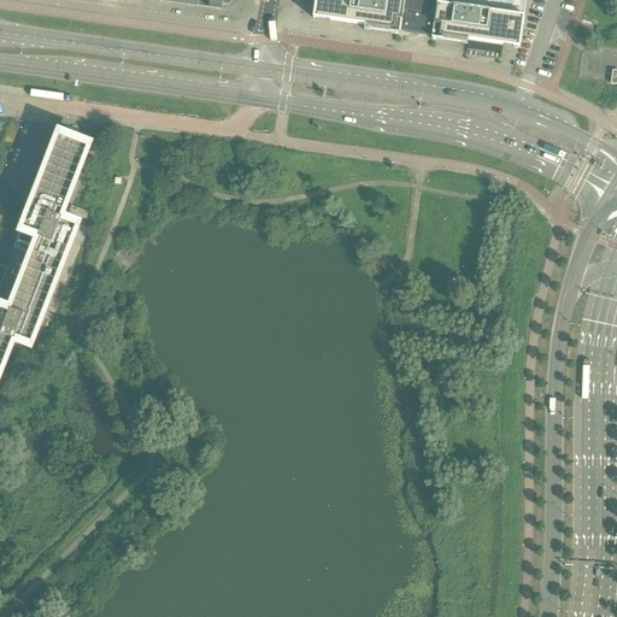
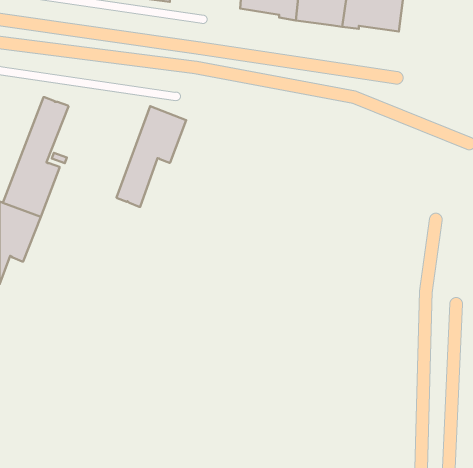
building: none -> [117,106,186,207]

